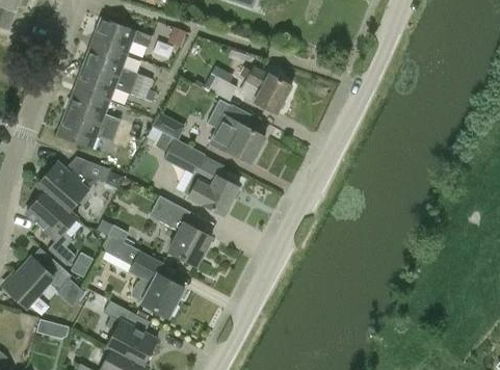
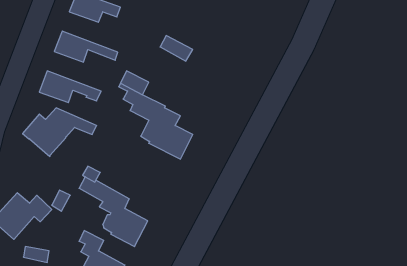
building: [83,42,153,89] -> none
building: [238,65,291,114] -> none
building: [65,88,137,135] -> none
building: [206,99,264,163] -> none
building: [25,191,76,264] -> none
building: [149,194,211,267] -> none

